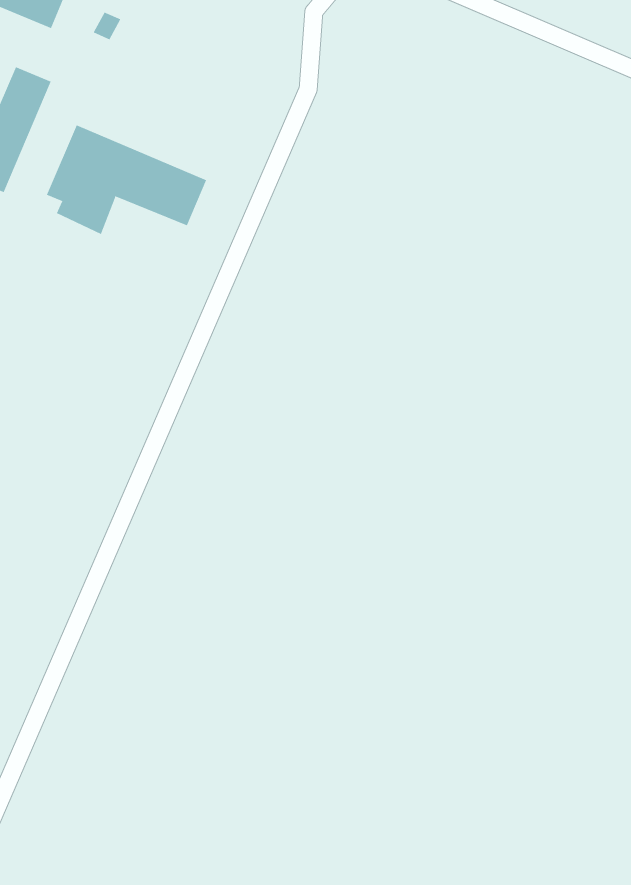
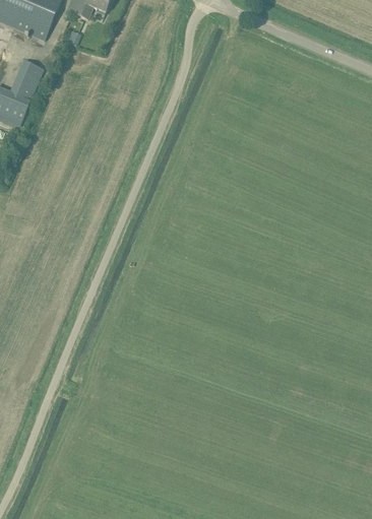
building: [46,125,207,235] -> none

